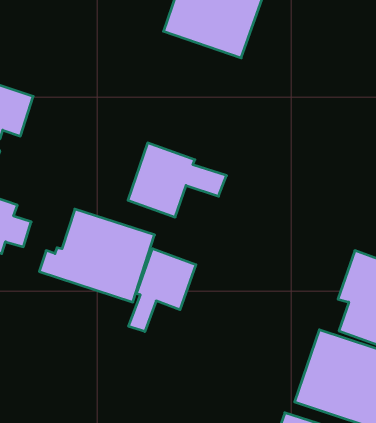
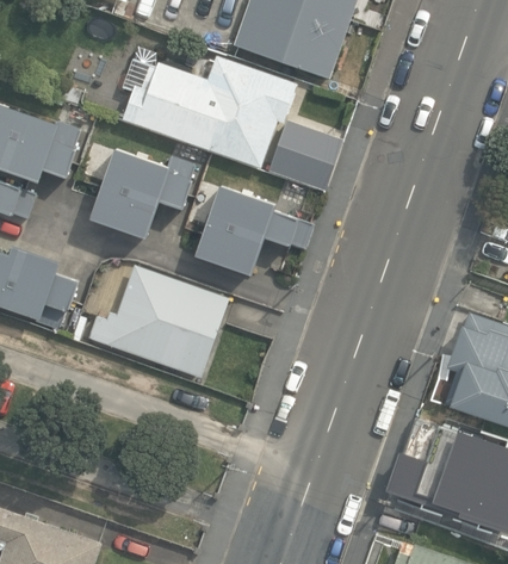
building: none -> [124,49,298,171]
building: none -> [270,135,332,188]
building: none -> [89,147,196,236]
building: [129,249,196,332] -> none

